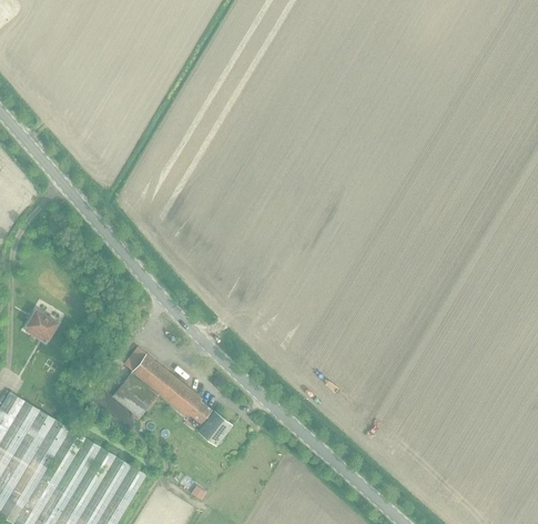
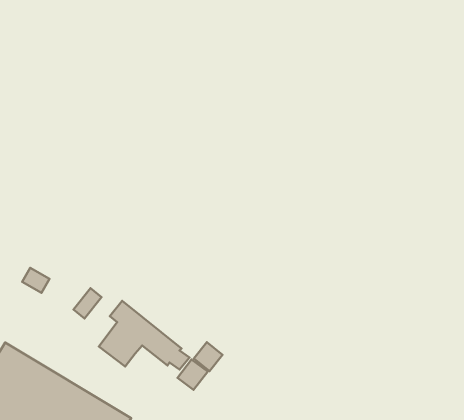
building: none -> [73,288,102,319]
building: none -> [194,342,223,371]

